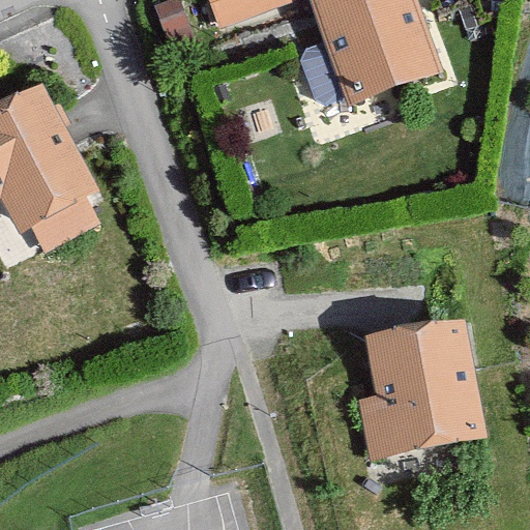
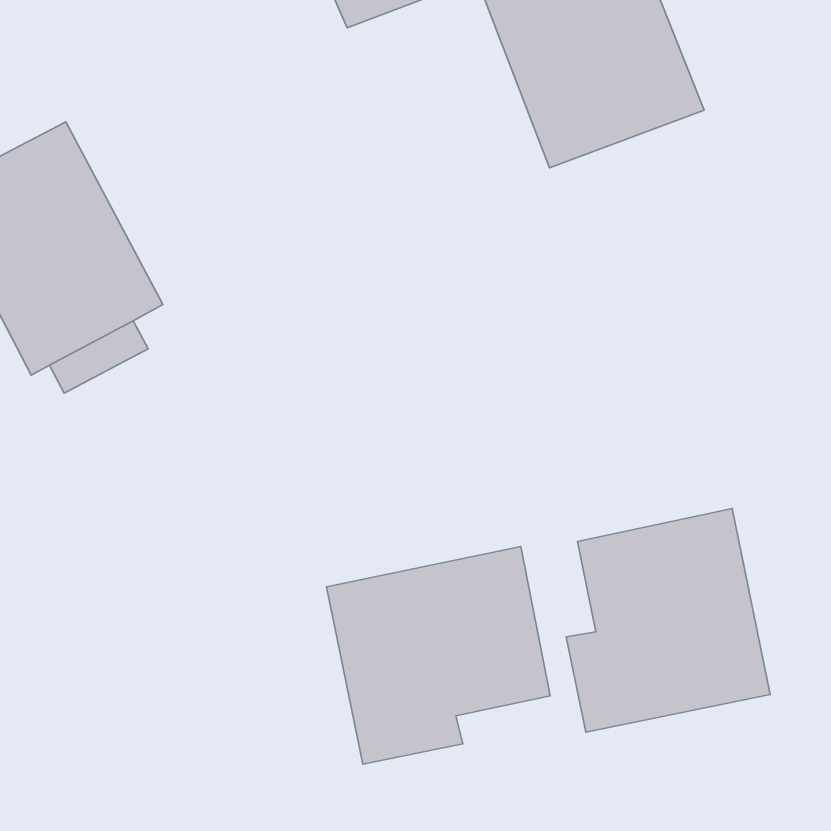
building: none -> [326,547,550,764]

